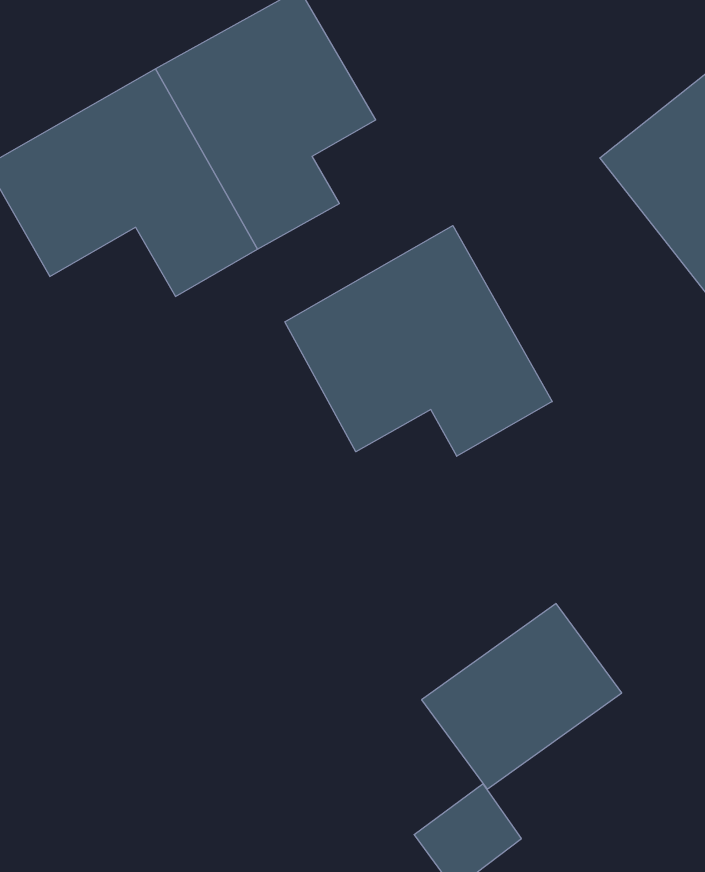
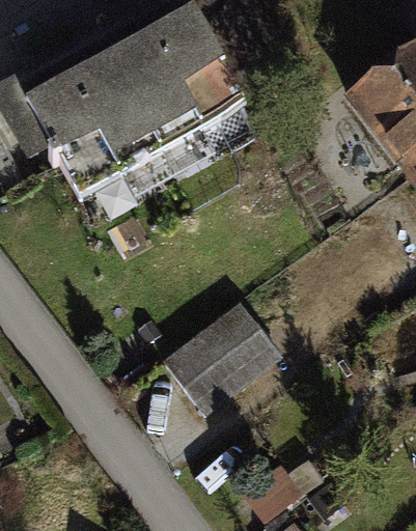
building: [285,226,552,456] -> none
building: [422,604,622,789] -> [173,299,287,404]

